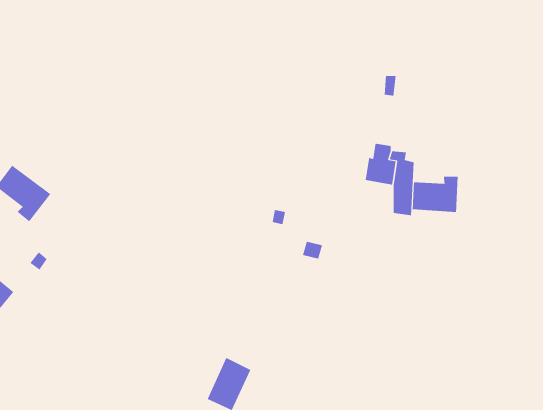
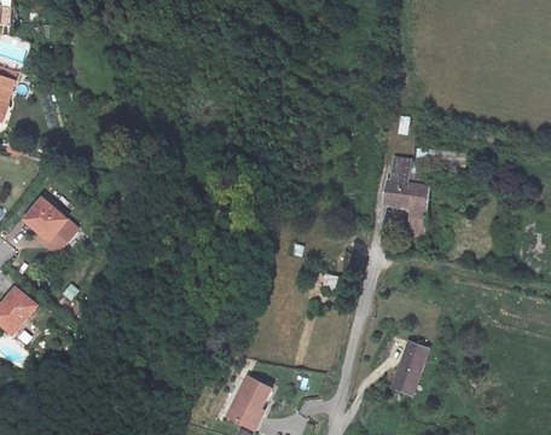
building: [412,176,458,213] -> none
building: none -> [387,342,425,398]

